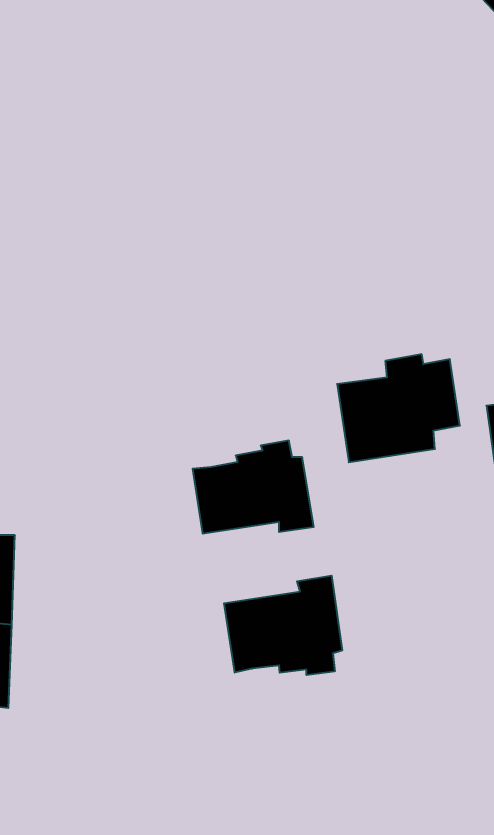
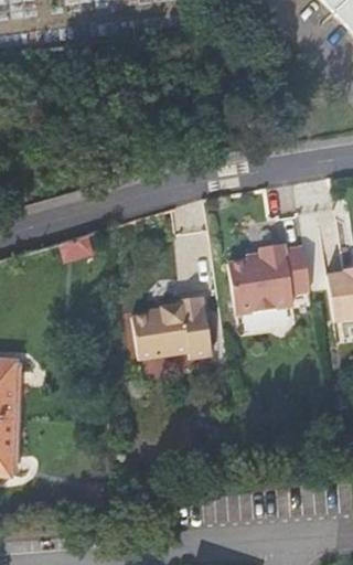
building: [224,576,342,675] -> none

